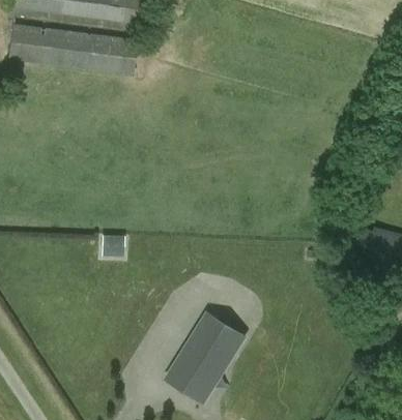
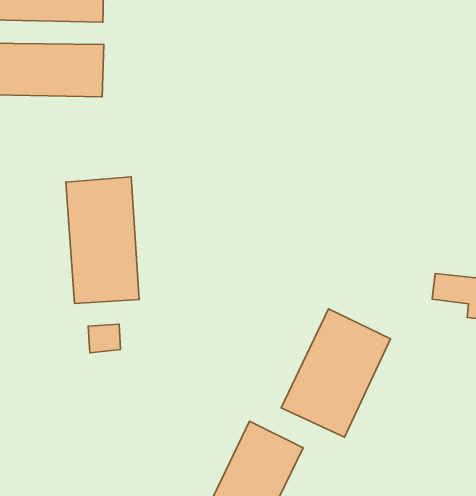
building: none -> [66,177,139,303]
building: none -> [281,309,391,437]

